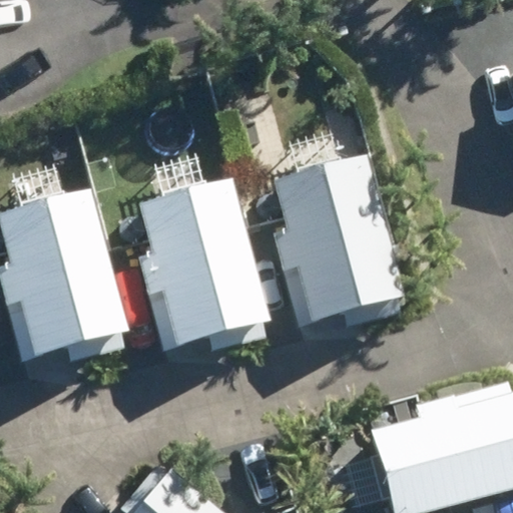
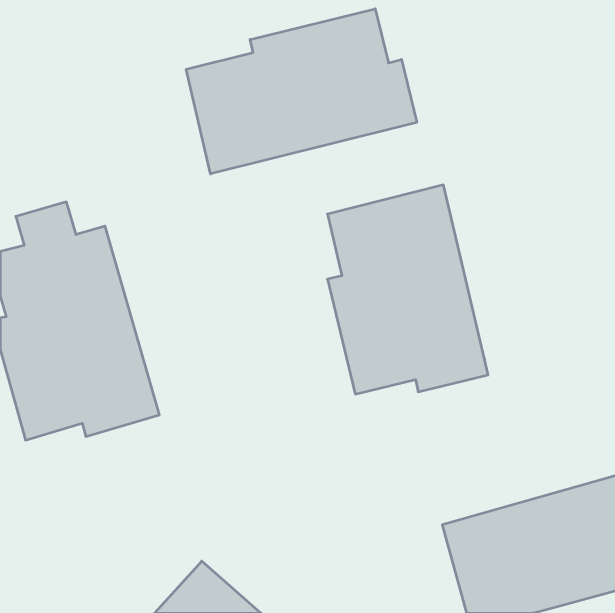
building: none -> [186,9,417,174]
building: [137,155,272,350] -> none

